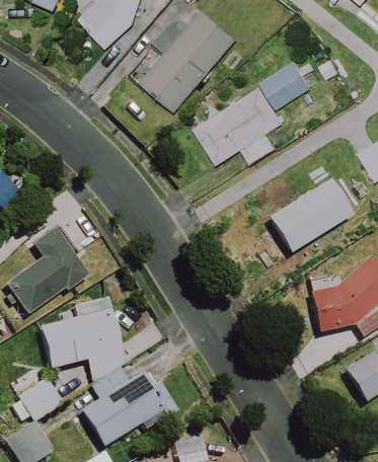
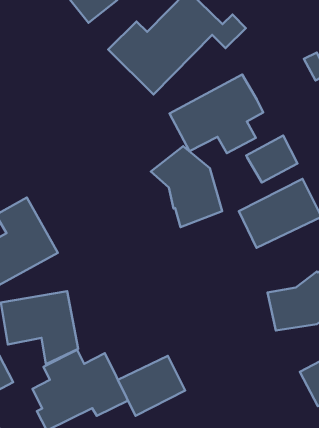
building: [258,62,309,109] -> [246,135,298,183]
building: none -> [151,146,222,227]
building: none -> [118,356,185,416]

